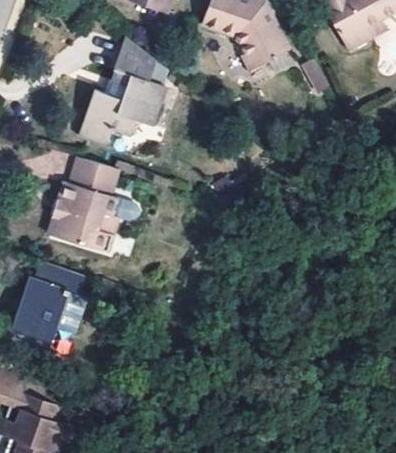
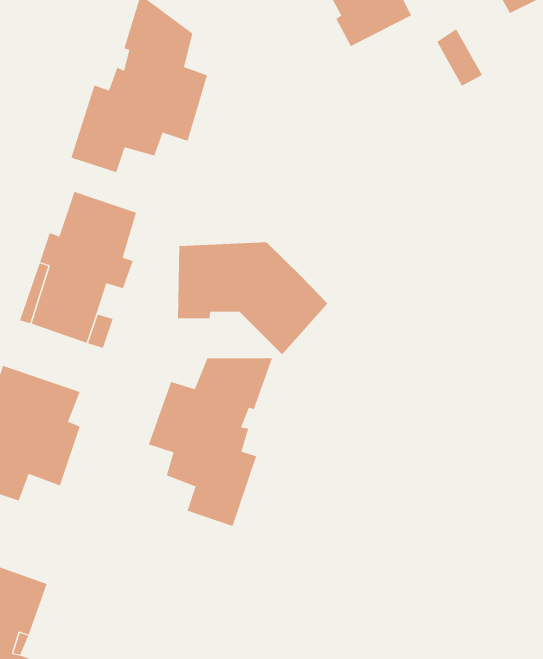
building: none -> [178,241,328,355]
building: none -> [148,357,273,527]

